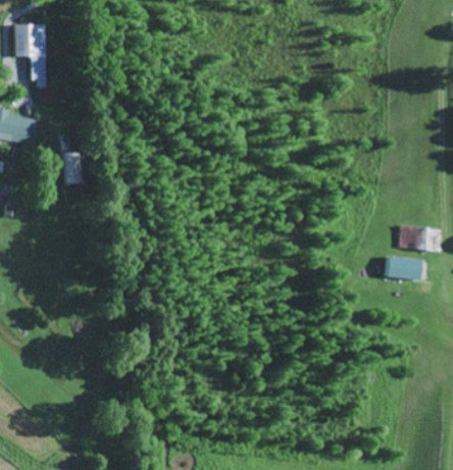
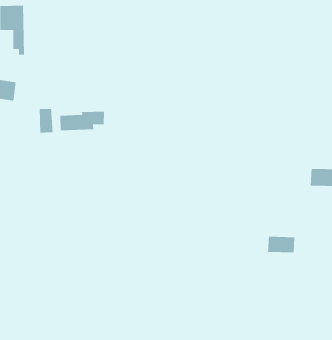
building: none -> [60,111,105,131]
building: [386,257,420,278] -> [267,236,295,253]

